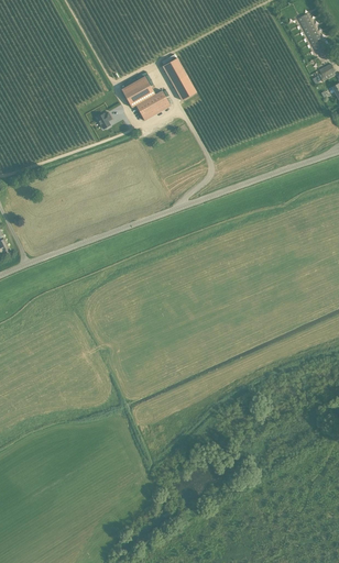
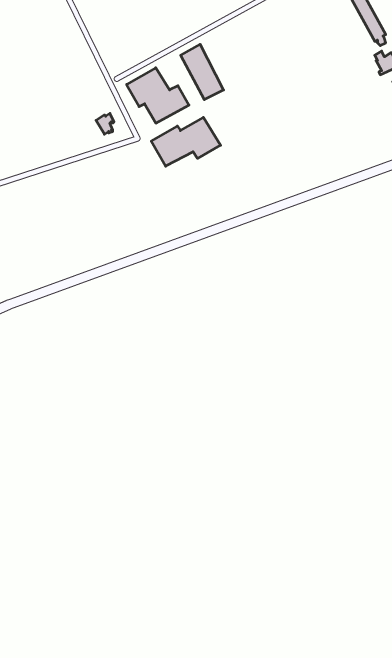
building: none -> [151,117,221,166]

